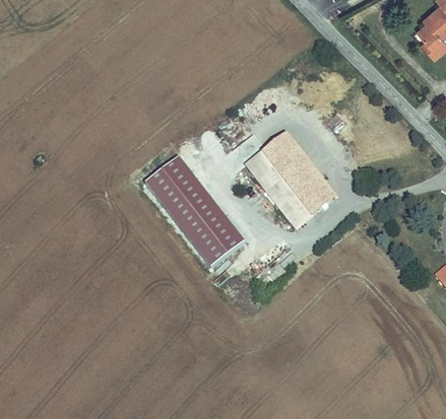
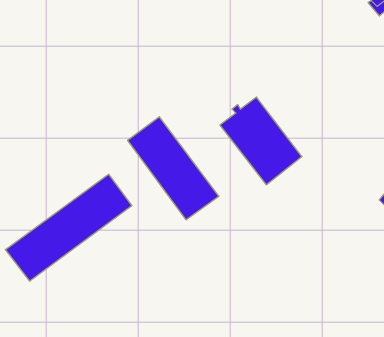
building: none -> [5,174,132,281]

